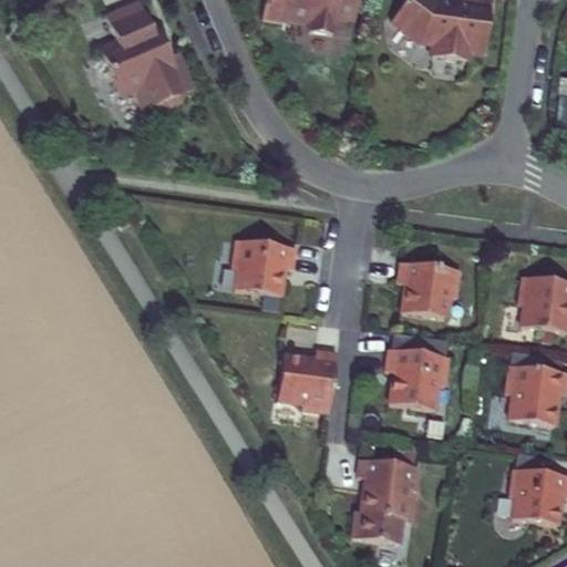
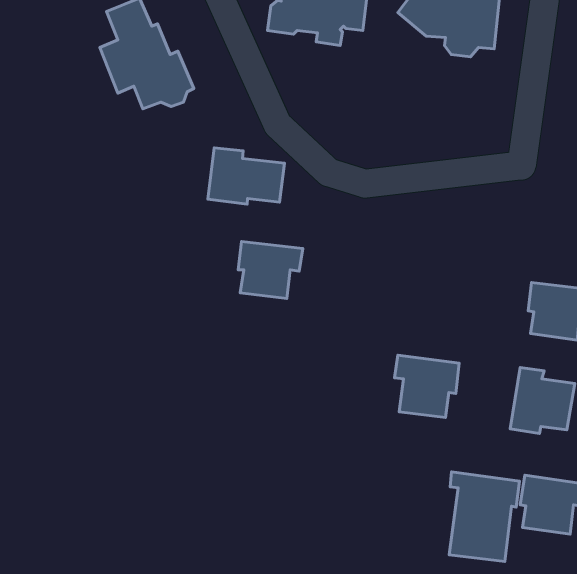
building: none -> [208,148,285,204]
building: [398,256,460,315] -> none
building: [276,349,337,412] -> none
building: [353,456,422,544] -> [449,472,519,562]

